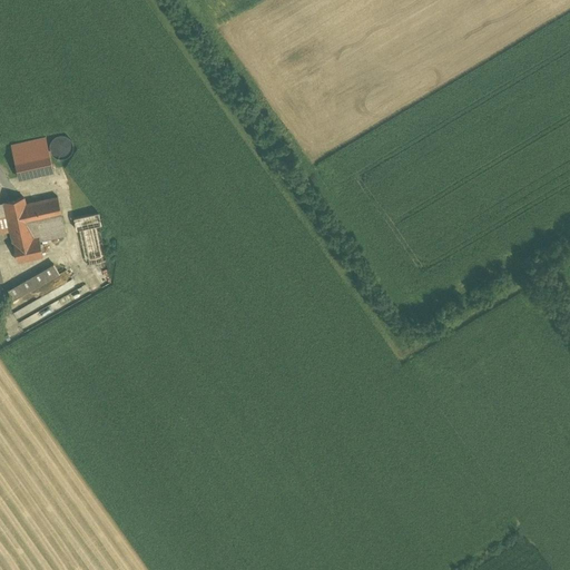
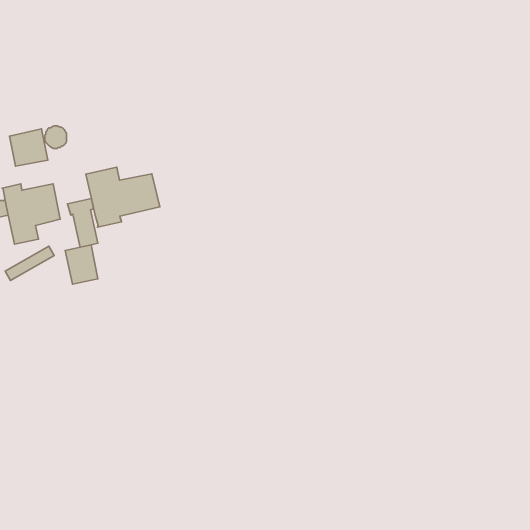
building: none -> [86,167,160,227]
building: none -> [65,245,98,284]

